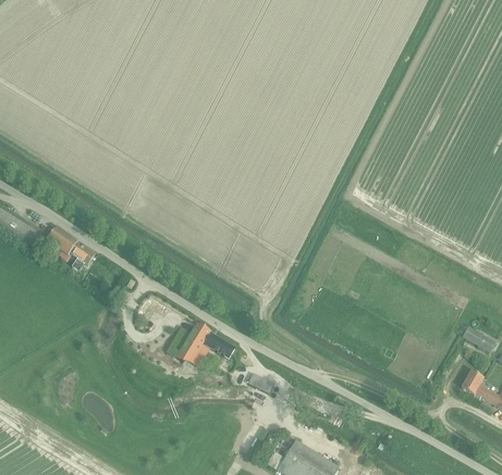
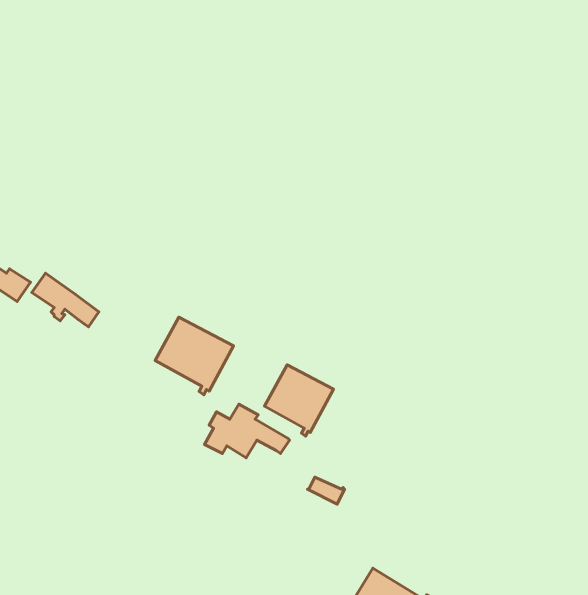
building: none -> [155,317,233,395]
building: none -> [265,365,334,436]

